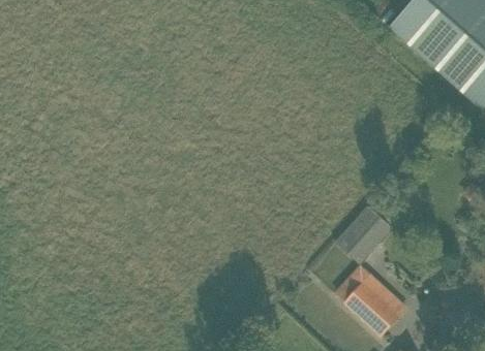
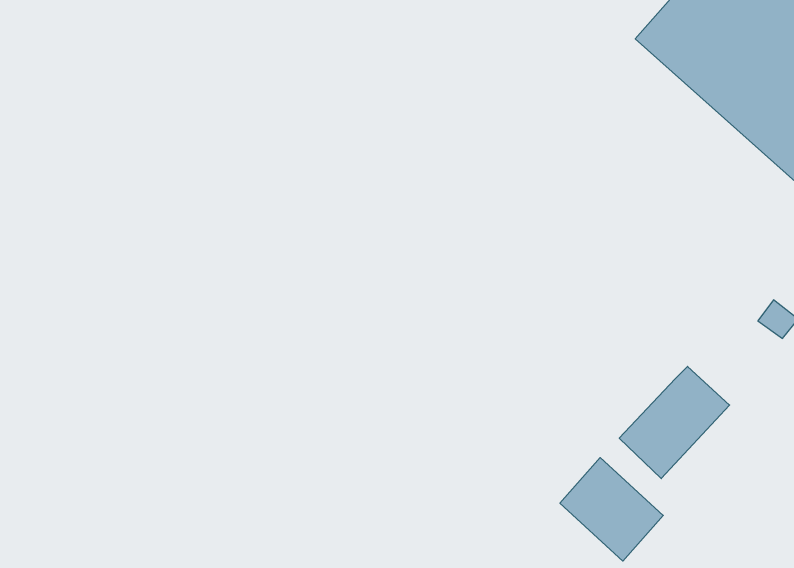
building: [334,197,399,263] -> [619,366,730,479]

